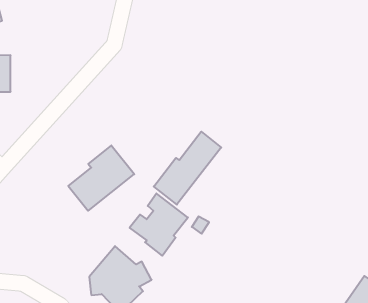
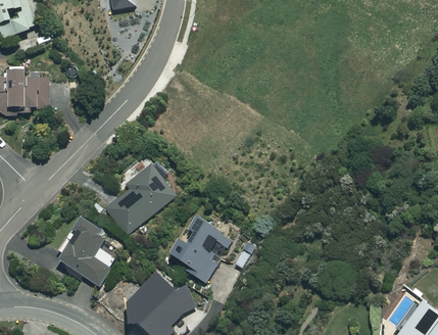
building: [154,132,221,205] -> none
building: none -> [59,216,117,285]

